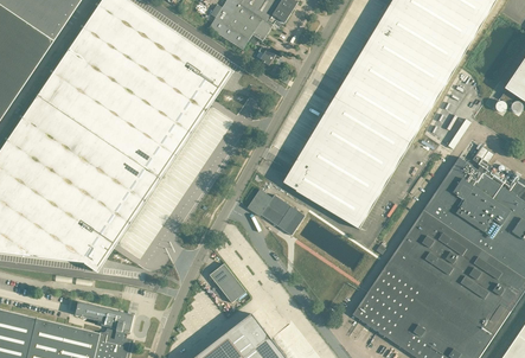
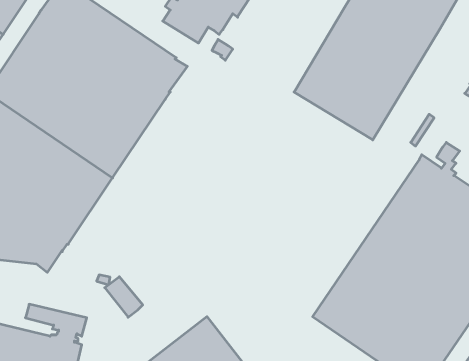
building: [284,95,410,230] -> none
building: [247,190,305,236] -> none
building: [209,264,245,303] -> [105,277,143,317]

